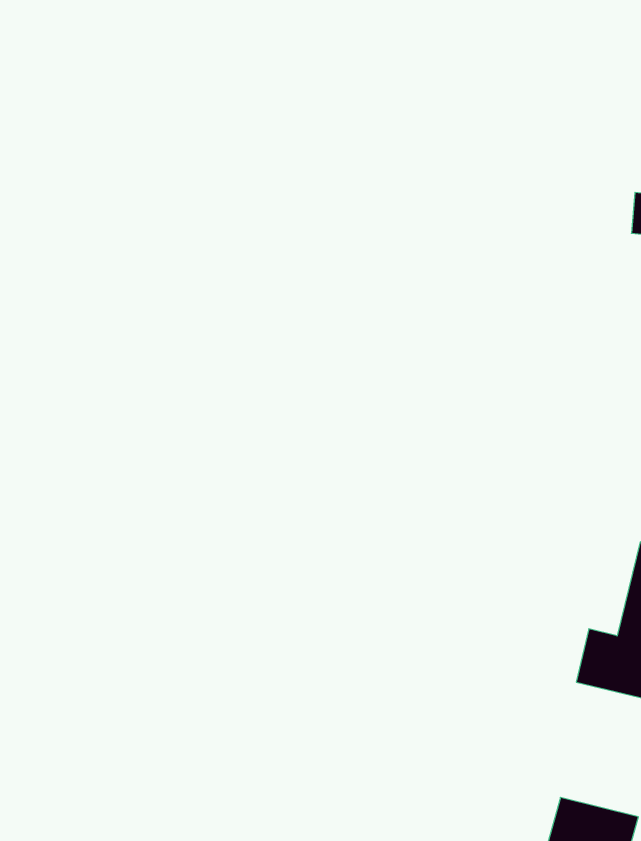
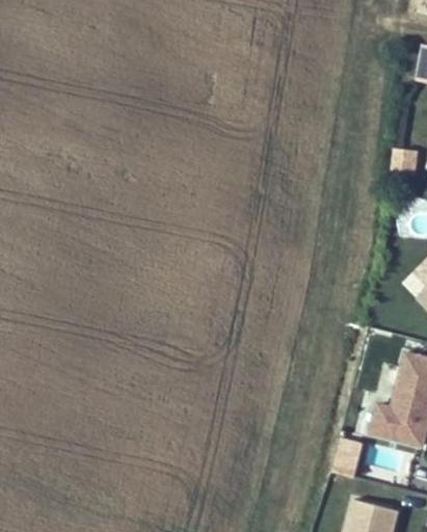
building: none -> [329,438,365,476]

